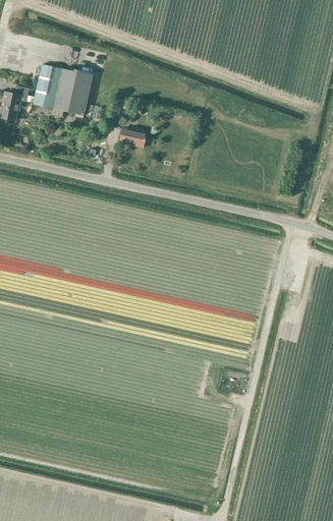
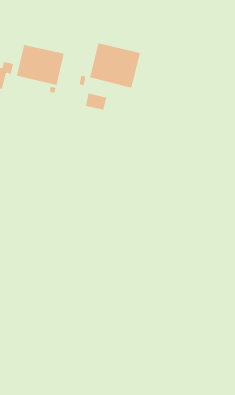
building: none -> [89,43,140,89]

